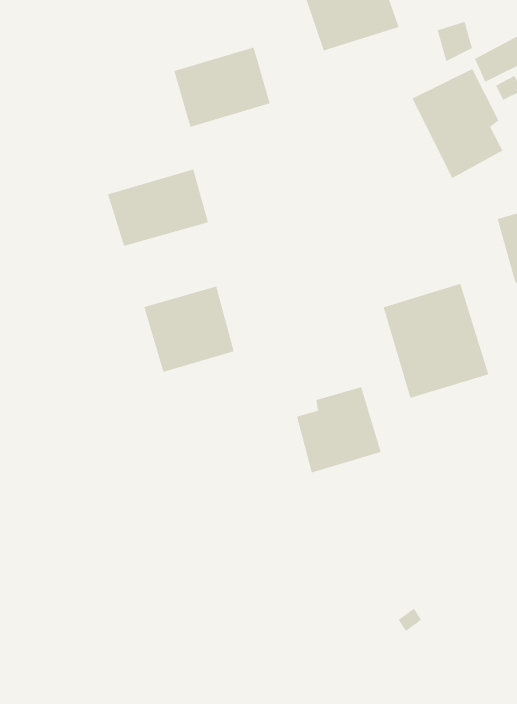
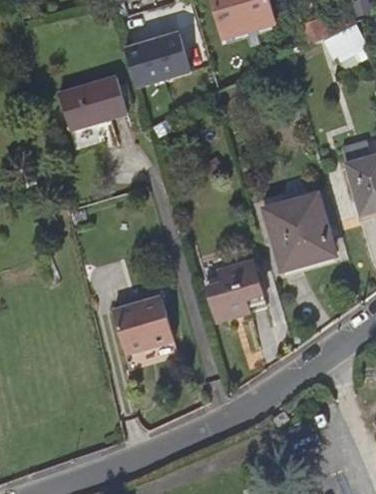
building: [412,68,503,179] -> none
building: [107,169,209,247] -> [58,76,126,128]
building: [143,286,235,373] -> [112,296,173,354]

